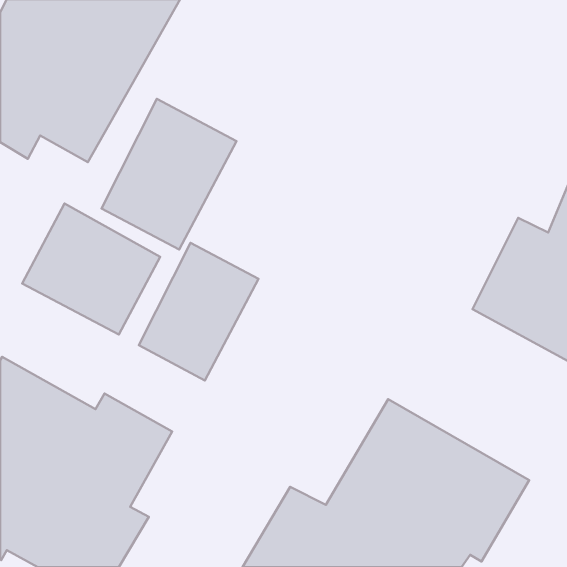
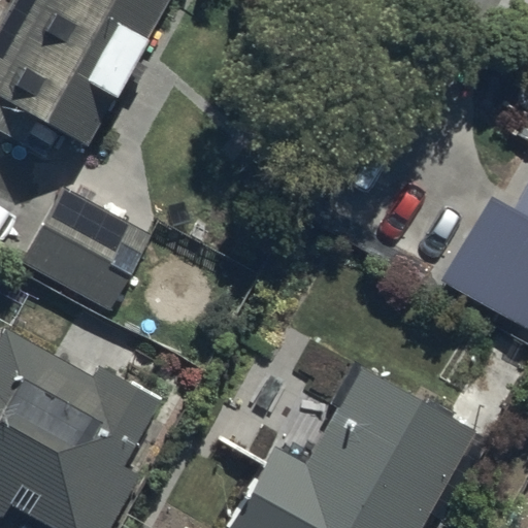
building: [102,99,237,250] -> none
building: [139,243,259,380] -> none

